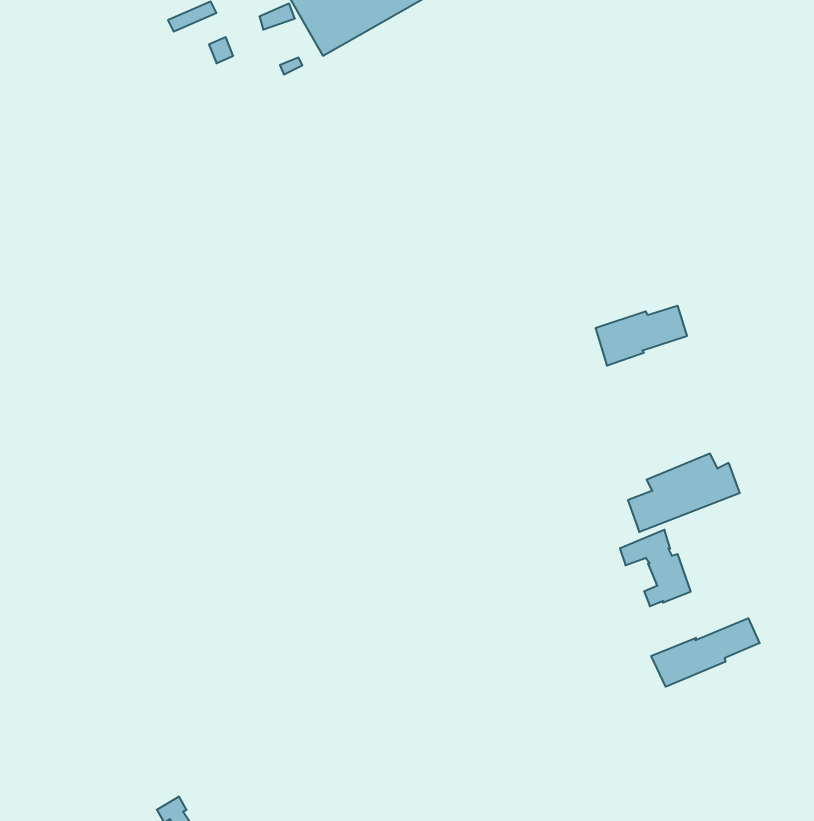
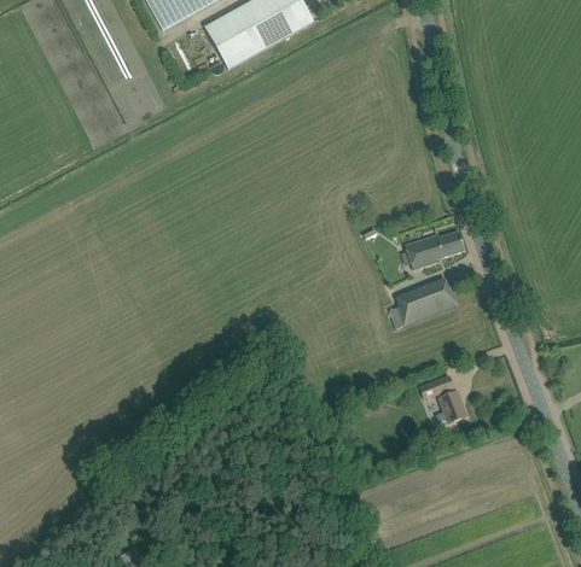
building: [628,454,740,532] -> [385,279,458,329]
building: [651,618,760,687] -> none

